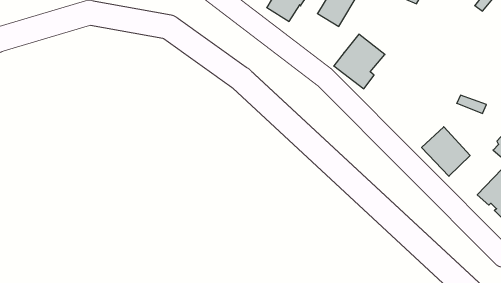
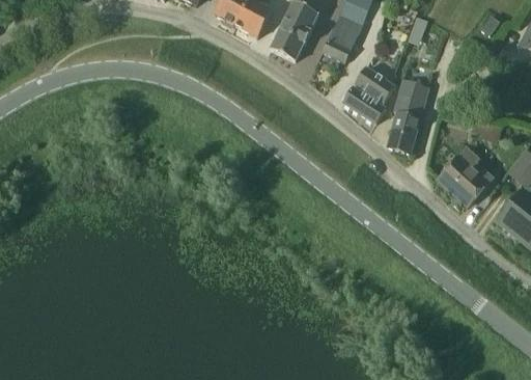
building: none -> [388,80,427,152]

